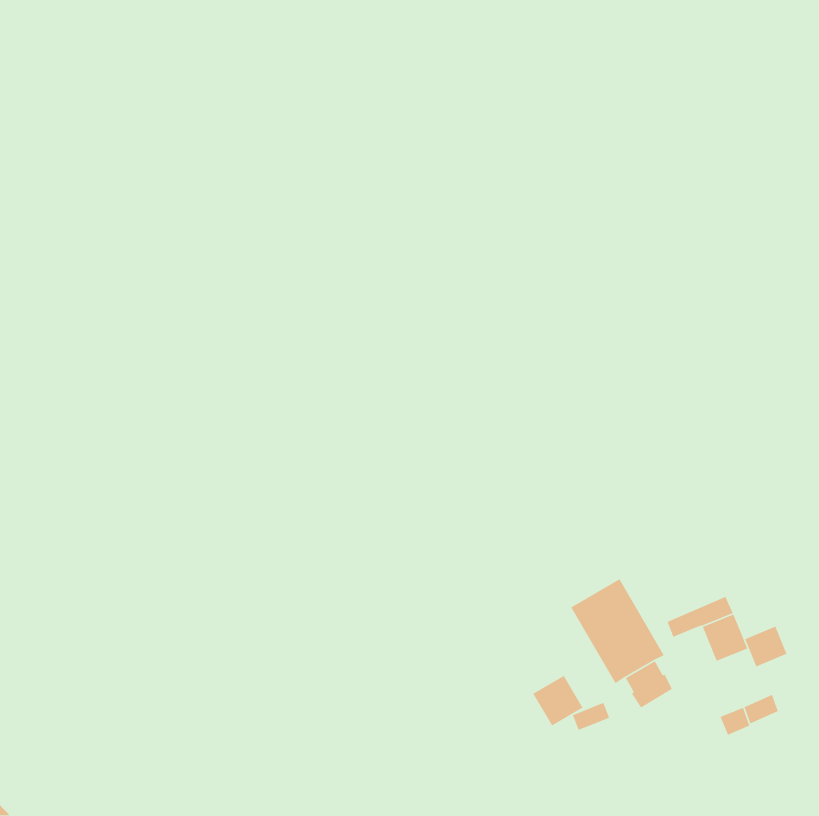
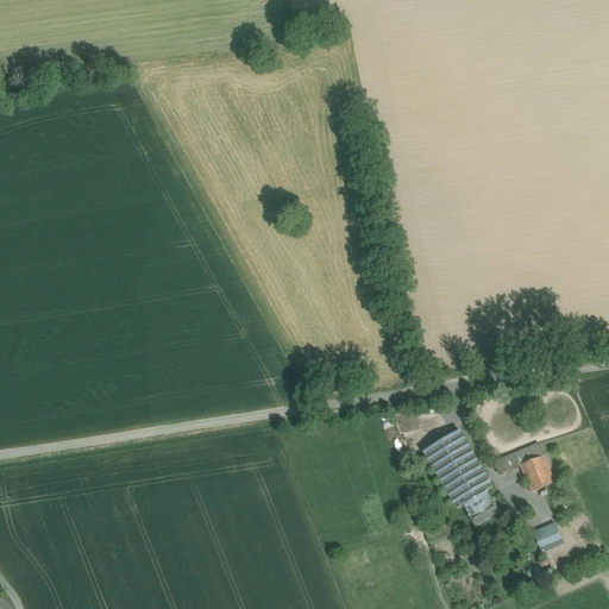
building: [744,626,787,667] -> none
building: [532,675,584,726] -> none

